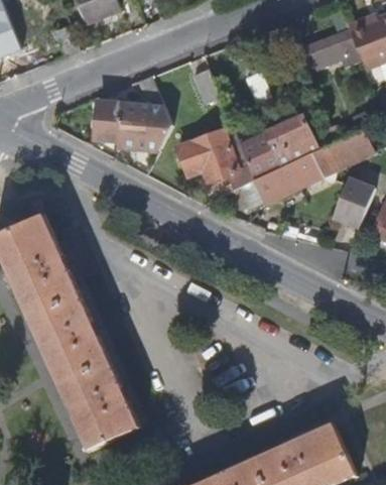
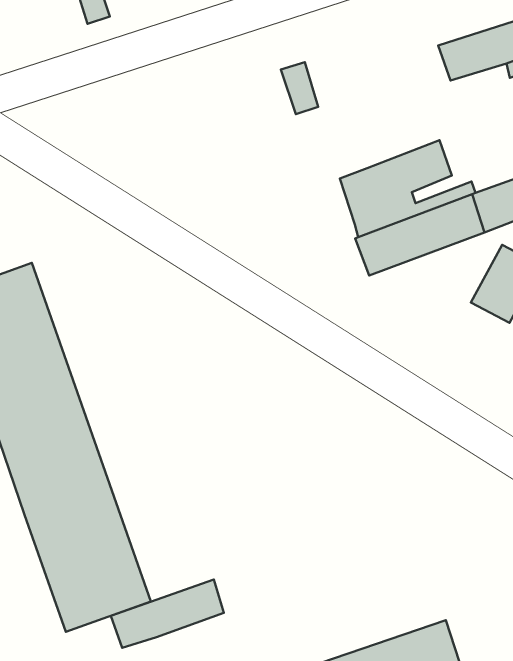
building: [96,77,172,153] -> none
building: [181,125,254,188] -> none
building: none -> [111,580,224,648]

